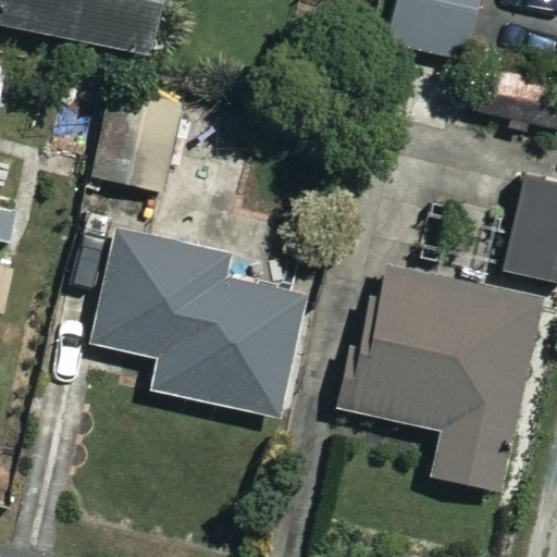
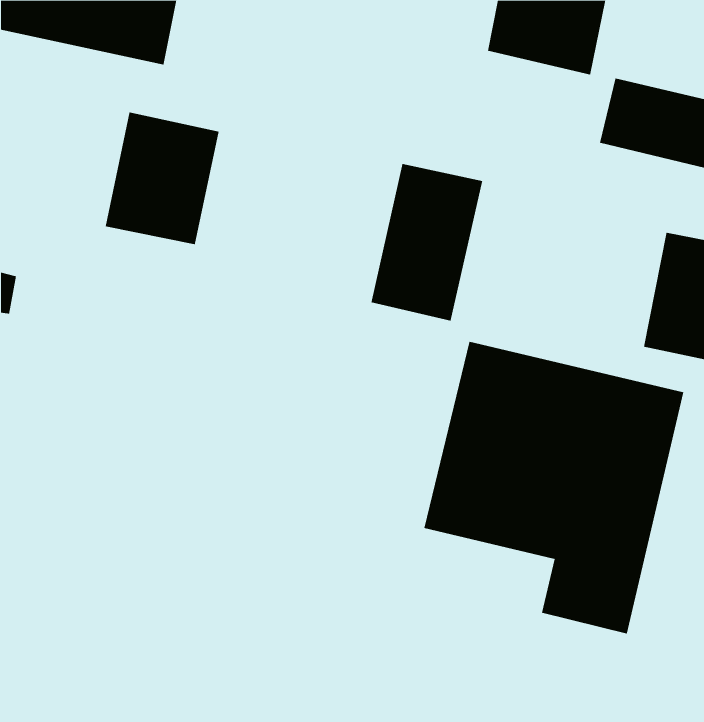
building: none -> [371,163,483,322]
building: [97,228,300,417] -> none

